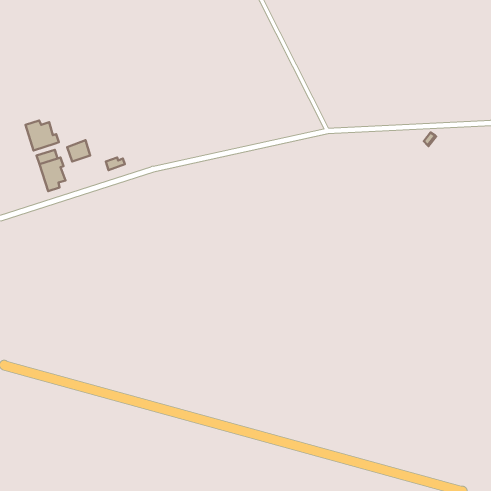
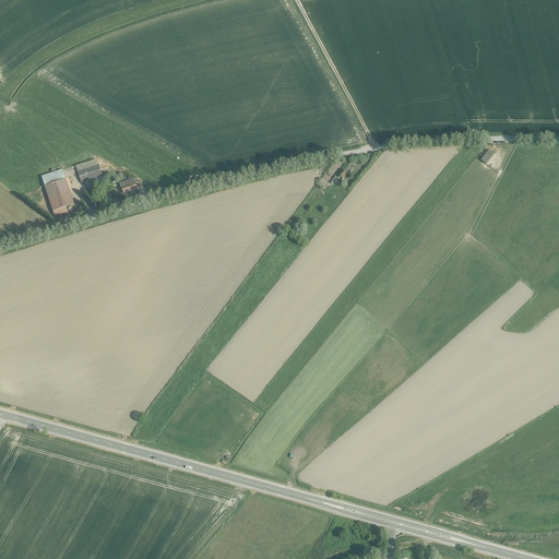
building: [25,121,59,150] -> none

